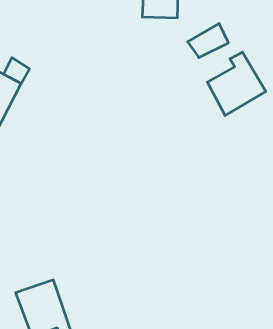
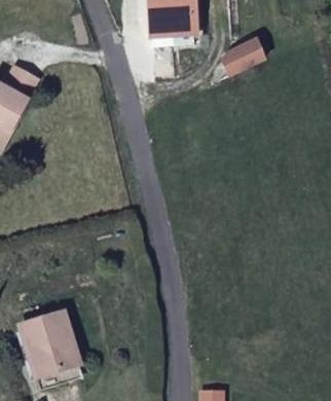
building: [207,52,266,116] -> none

